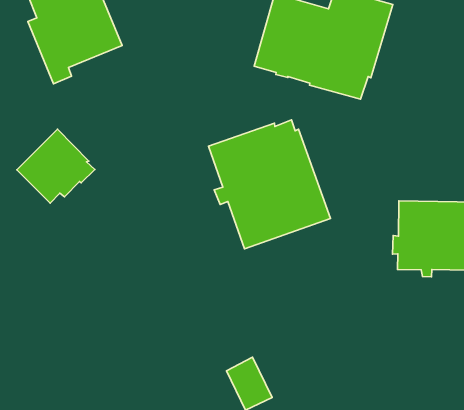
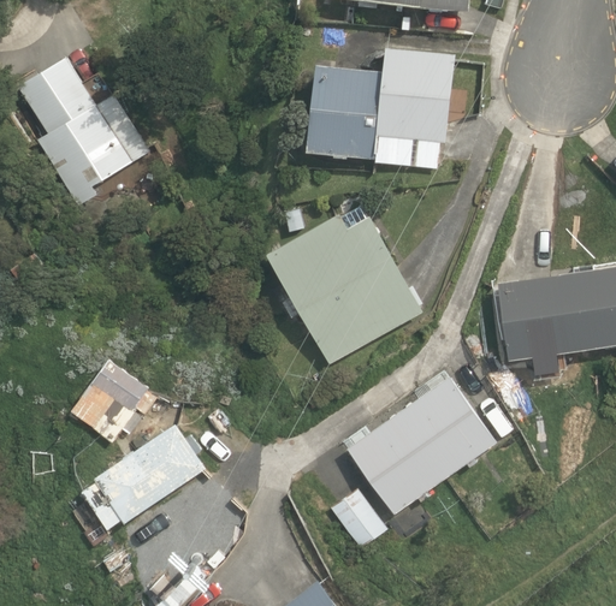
building: [17,129,95,203] -> [66,358,156,445]
building: none -> [346,376,497,515]
building: none -> [70,422,206,534]

